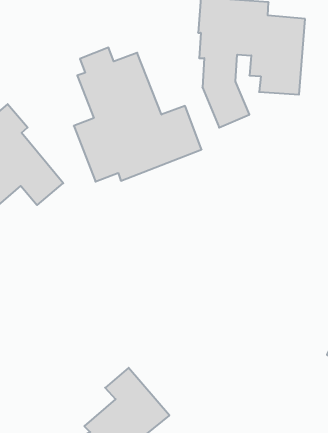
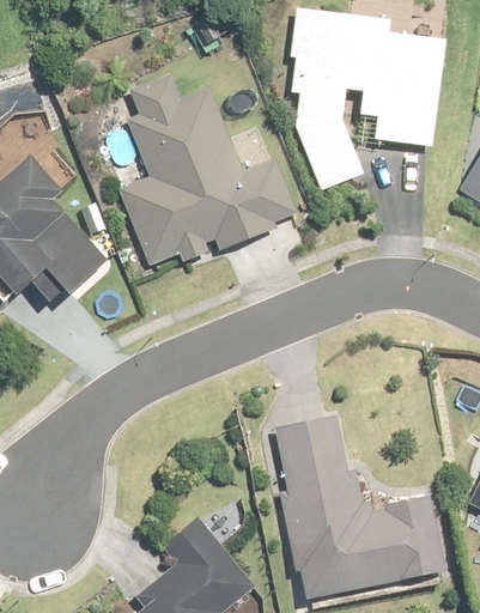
building: none -> [274,417,445,599]

